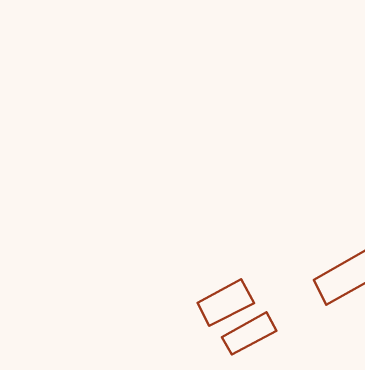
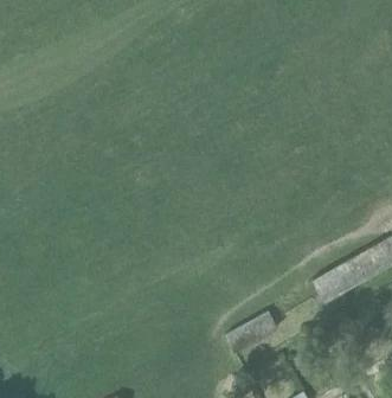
building: [197,279,254,326] -> none

